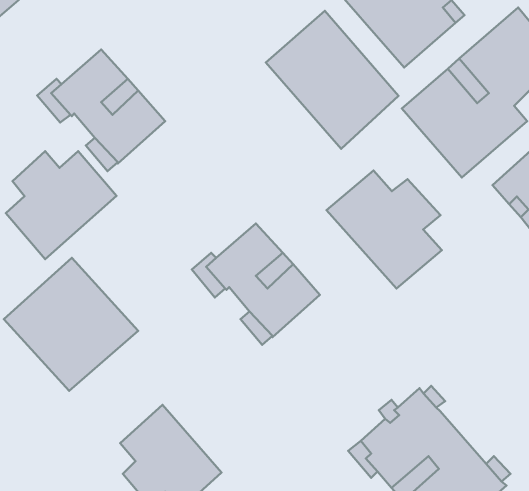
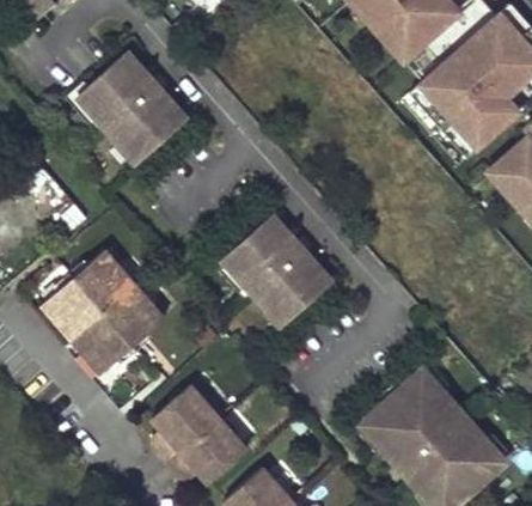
building: [266,11,399,149] -> none
building: [6,151,116,259] -> none
building: [327,171,442,288] -> none

